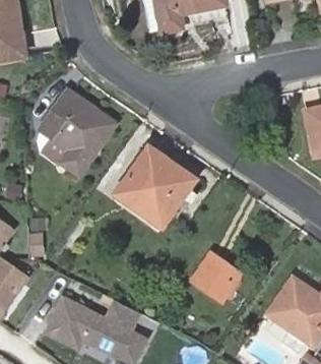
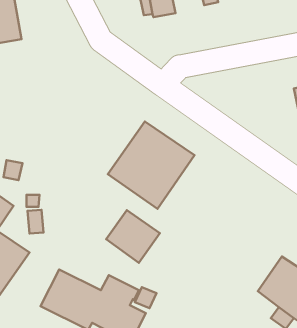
building: [37,85,122,180] -> none
building: [191,249,246,303] -> [106,210,160,263]

